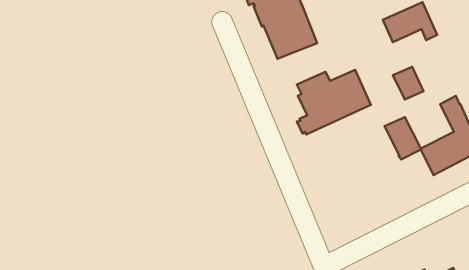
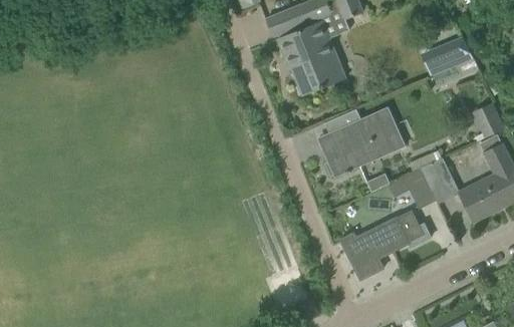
building: [393,67,423,99] -> [472,103,505,138]
building: none -> [389,169,436,209]
building: none -> [339,210,431,280]

